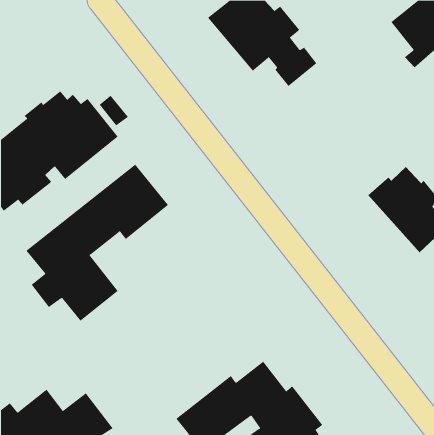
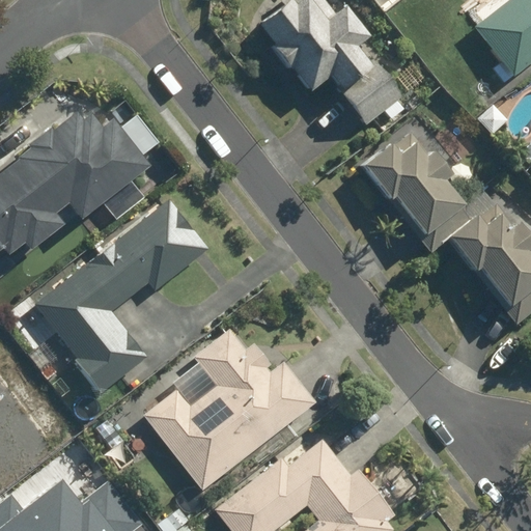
building: none -> [363,132,463,236]
building: none -> [146,332,316,491]

